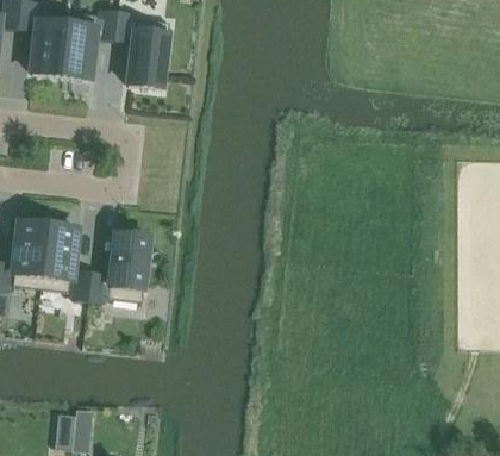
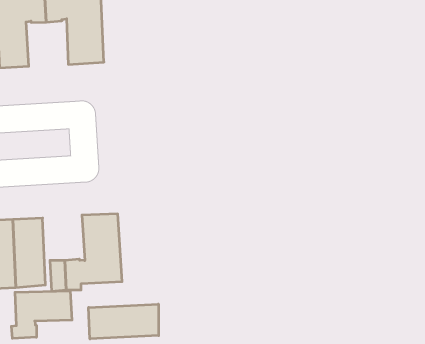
building: none -> [11,291,72,338]
building: none -> [89,304,159,339]

